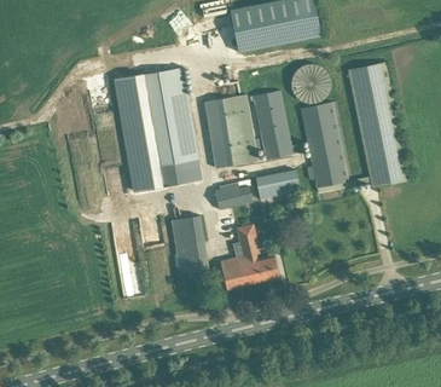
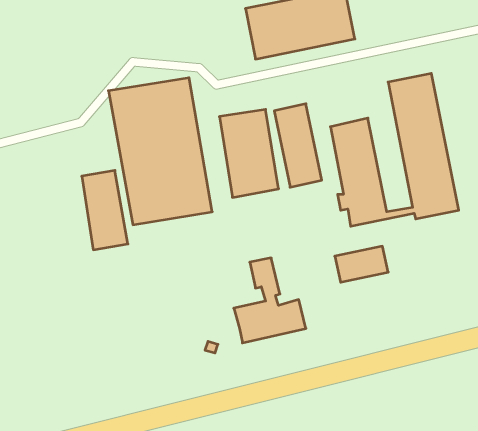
building: [290,64,330,104] -> none
building: [255,169,300,200] -> [335,246,388,282]
building: [214,181,251,208] -> none
building: [169,207,208,273] -> [82,170,128,250]

